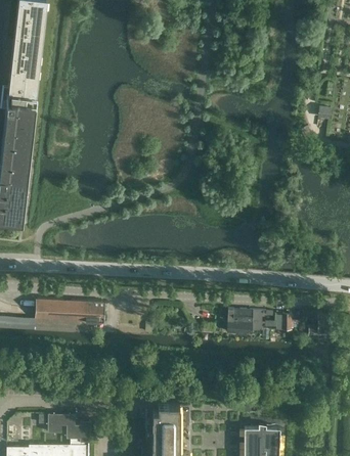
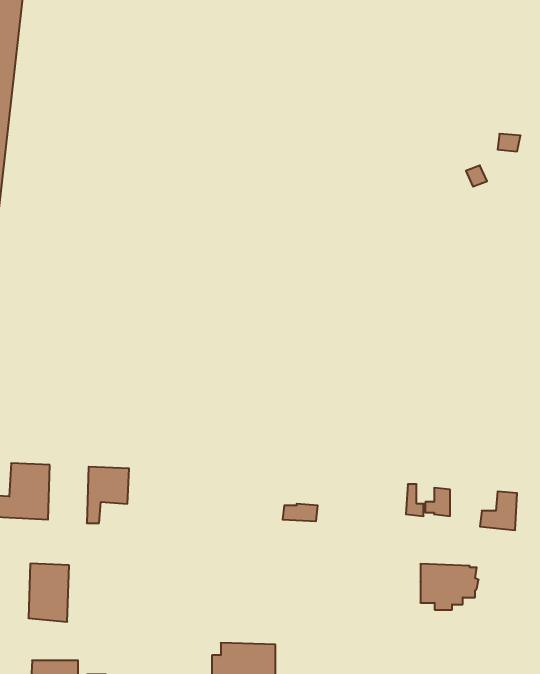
building: [56,301,80,334] -> [28,564,69,622]
building: [226,310,260,336] -> [420,564,479,610]

